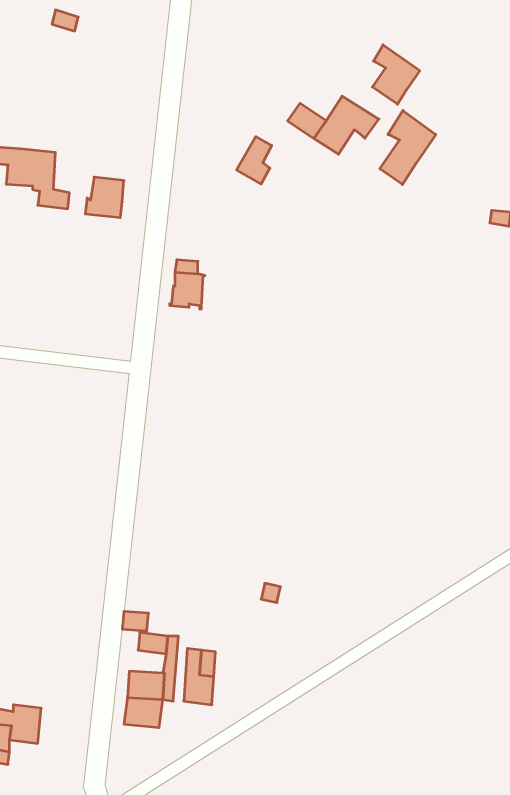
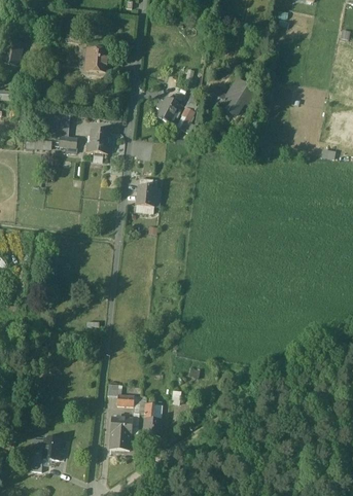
building: none -> [85,49,109,72]
building: [372,45,420,104] -> none
building: [380,110,436,185] -> none
building: none -> [155,96,180,122]

